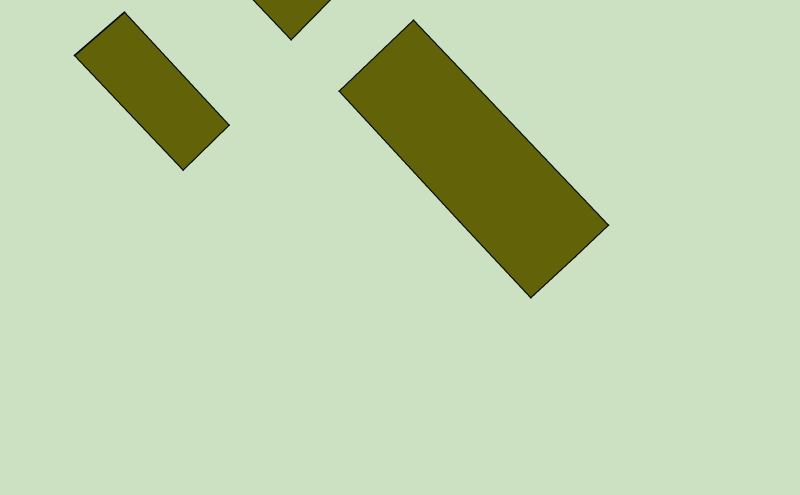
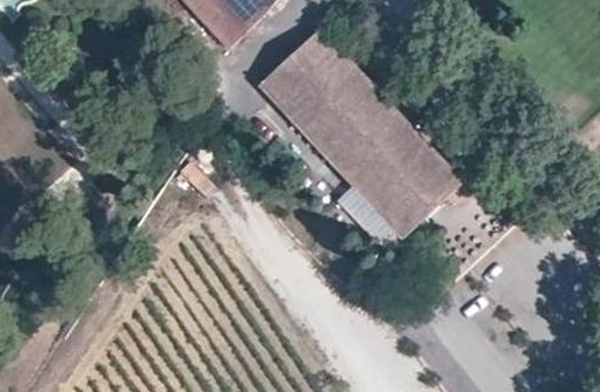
building: [74,12,229,170] -> none

